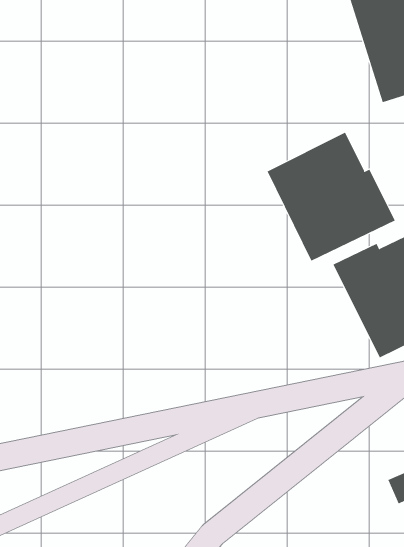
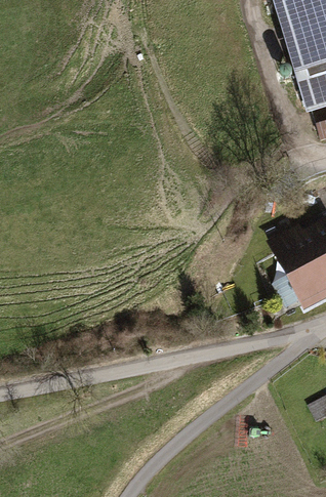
building: [267,132,395,261] -> none

